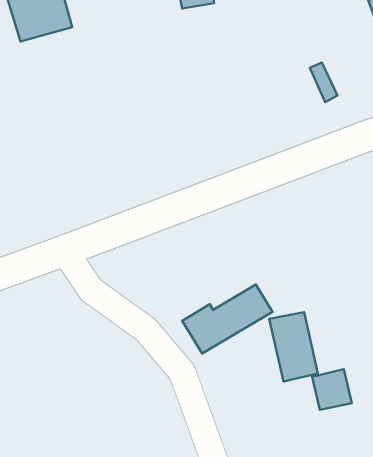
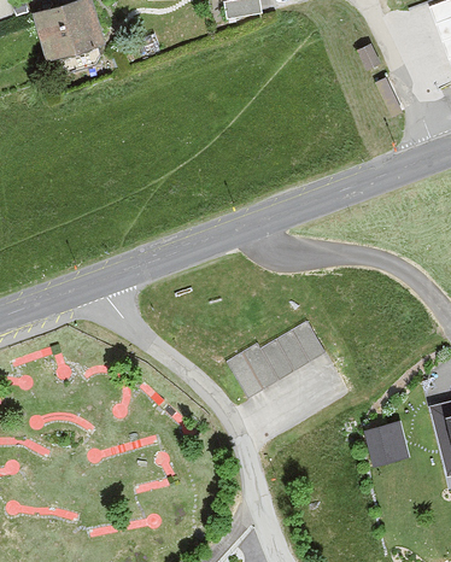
building: [269,312,318,381] -> none

